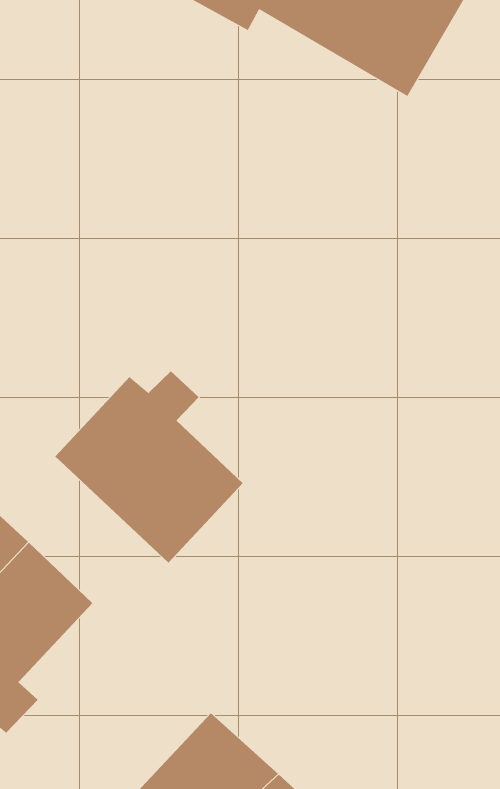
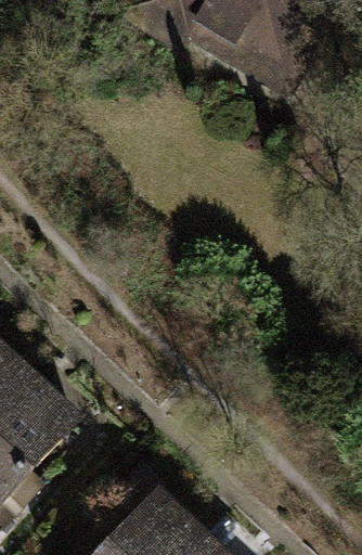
building: [55,370,243,563] -> none

